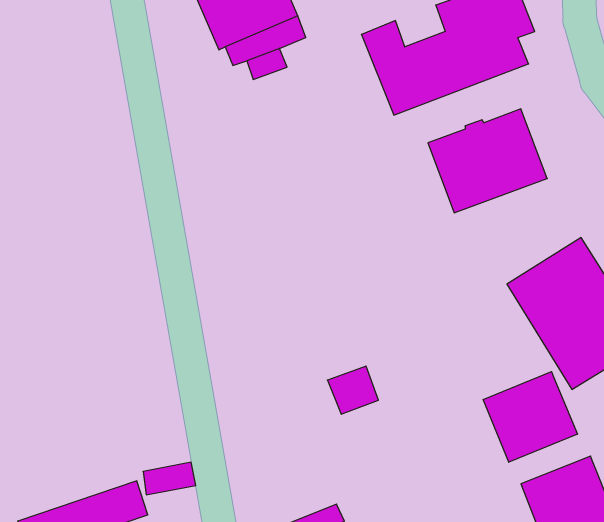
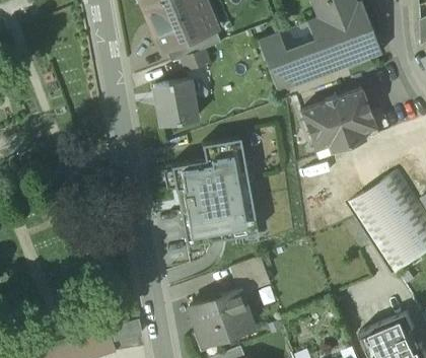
building: none -> [153,76,197,124]
building: none -> [171,136,257,242]
building: [483,372,577,462] -> none
building: none -> [189,288,251,344]

